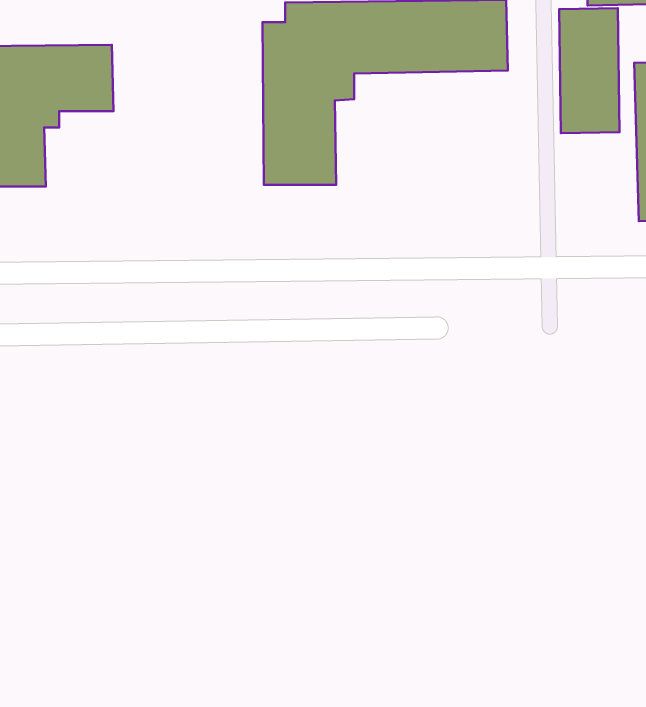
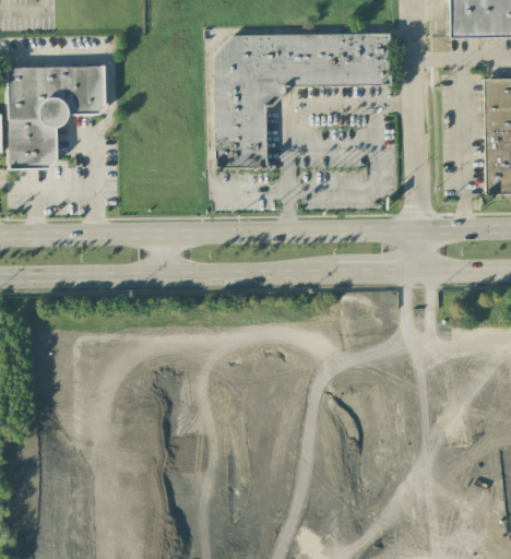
building: [559,8,619,133] -> none

